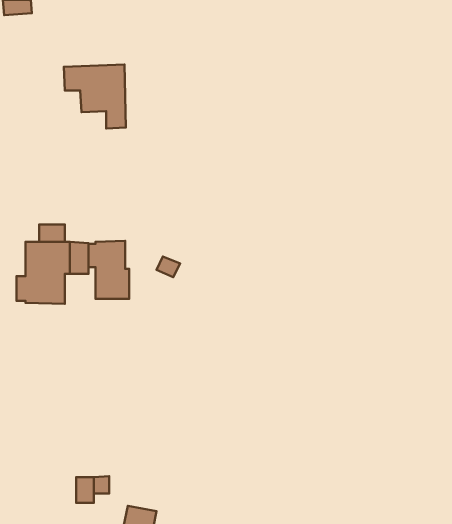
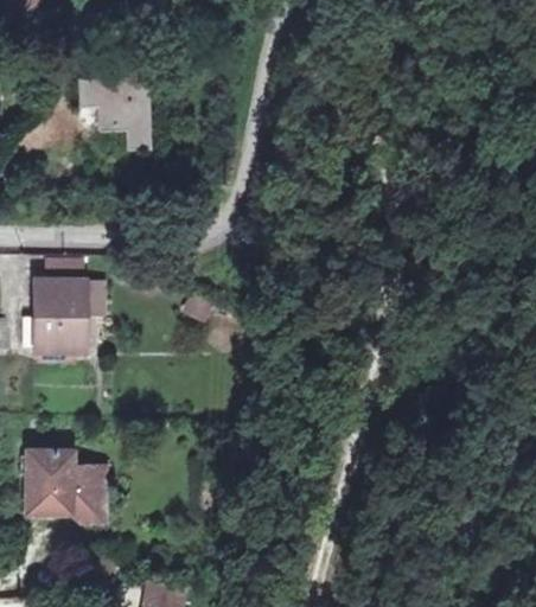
building: [89,241,129,299] -> none
building: none -> [25,451,104,522]

